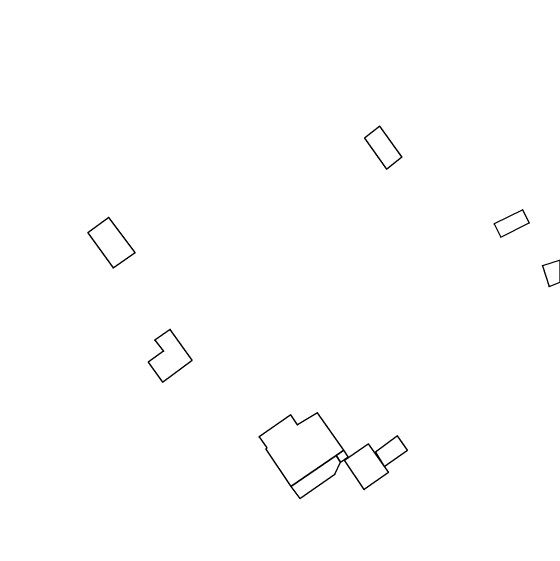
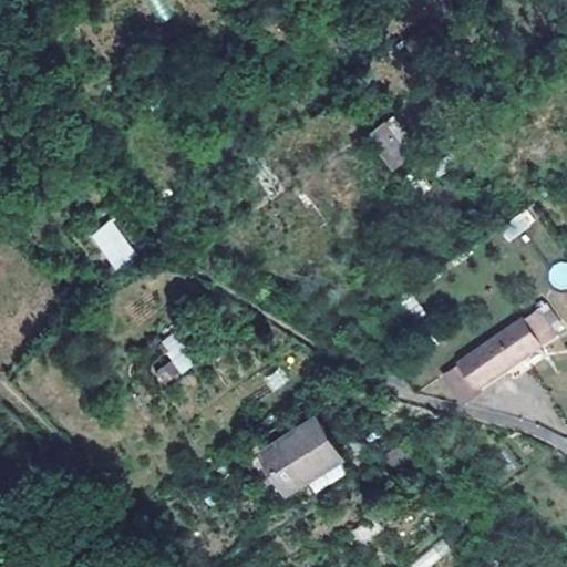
building: none -> [443,317,548,402]
building: [345,444,388,490] -> none

